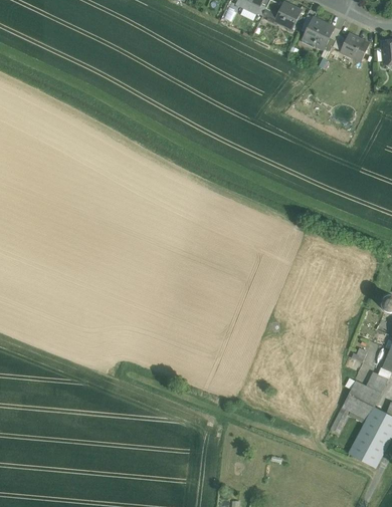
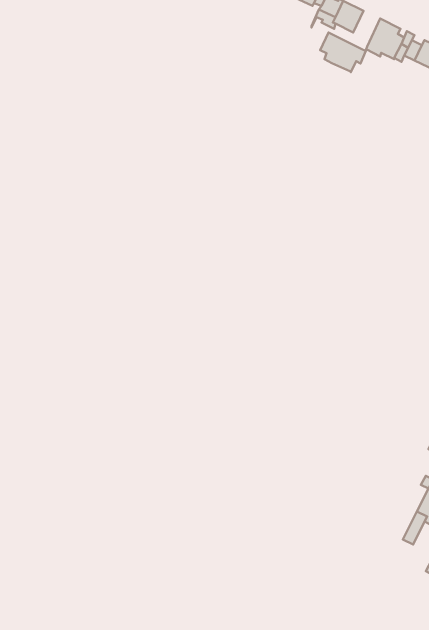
building: none -> [320,32,366,72]

